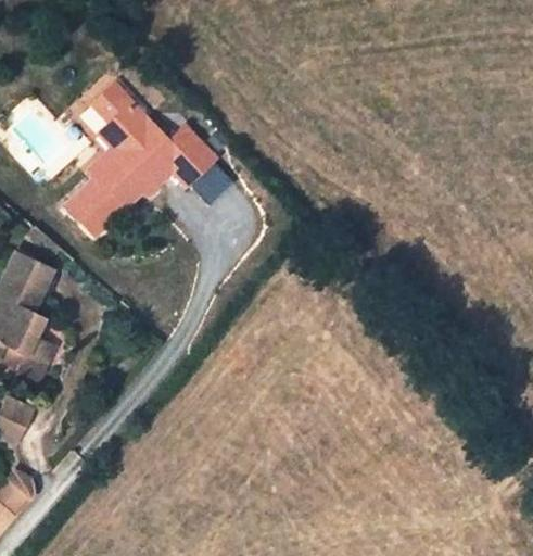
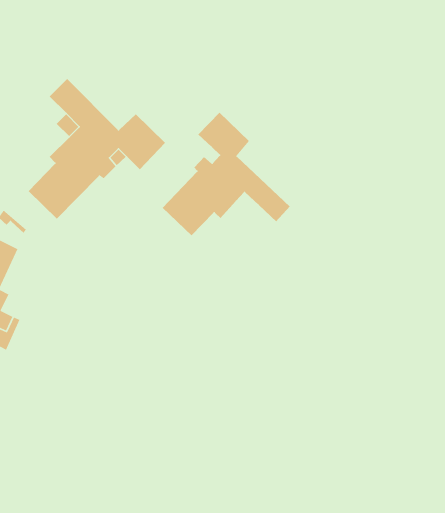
building: none -> [162,112,291,236]

